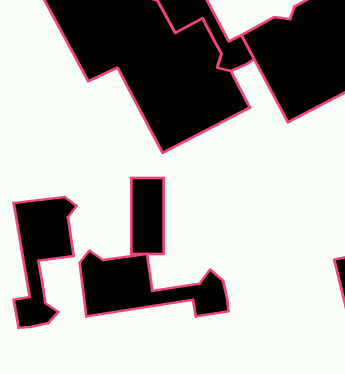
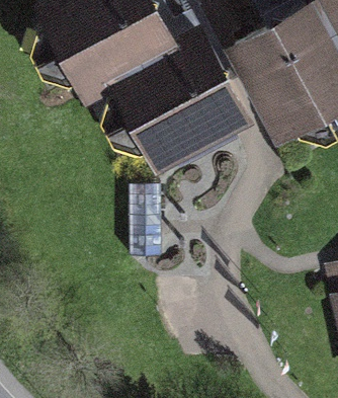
building: [14,197,77,328] -> none
building: [80,251,228,317] -> none

